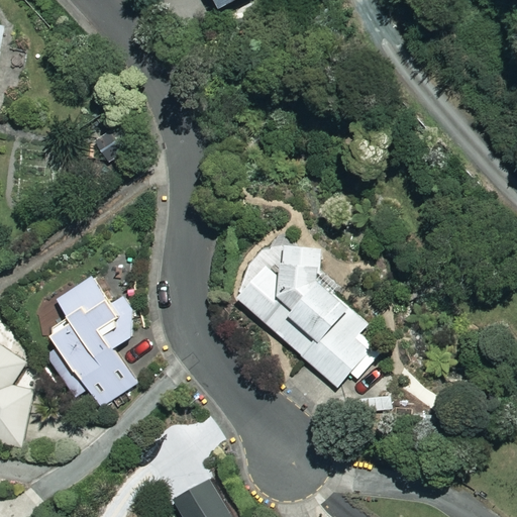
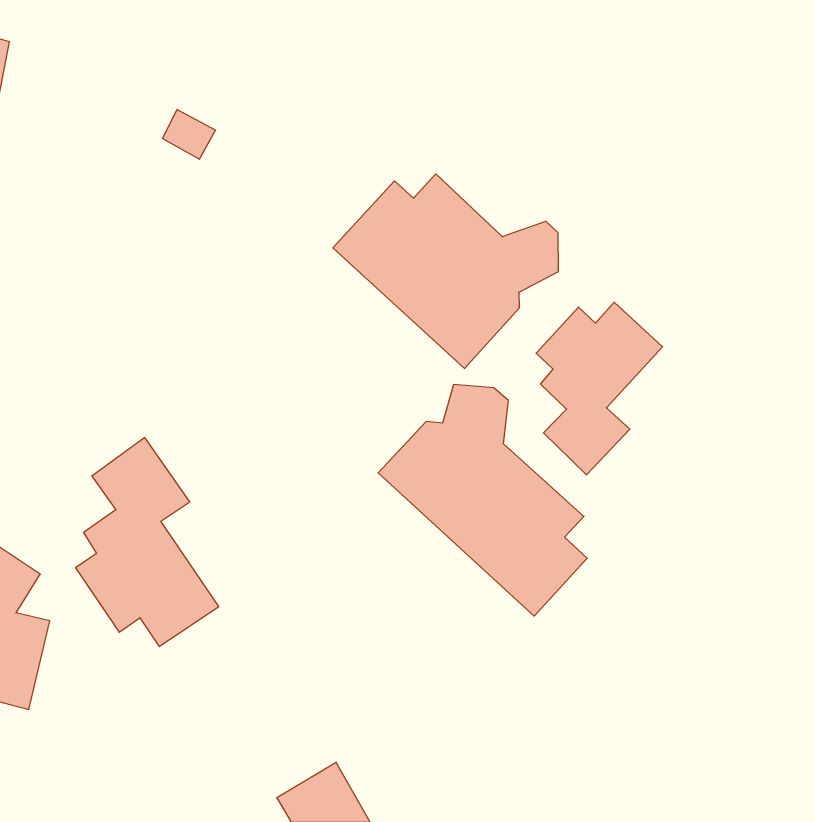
building: none -> [333,174,558,369]
building: none -> [536,302,663,475]

